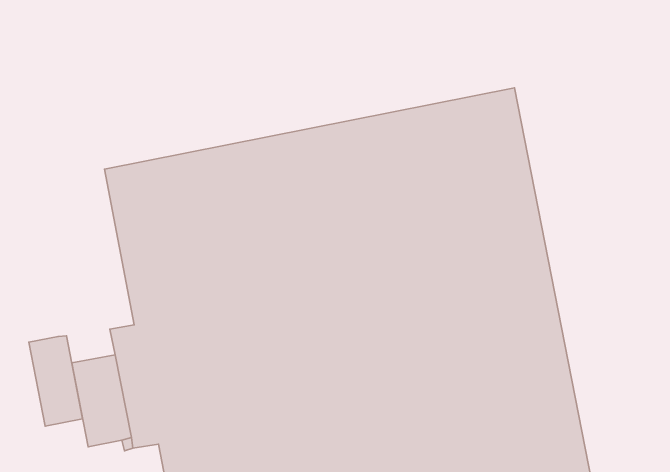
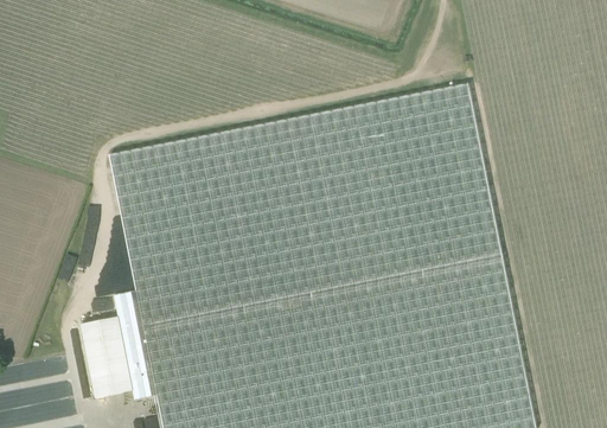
building: [29,336,83,426] -> none

